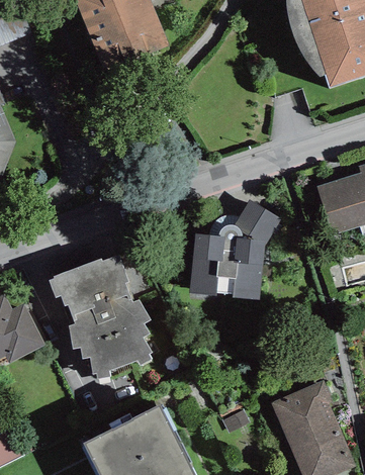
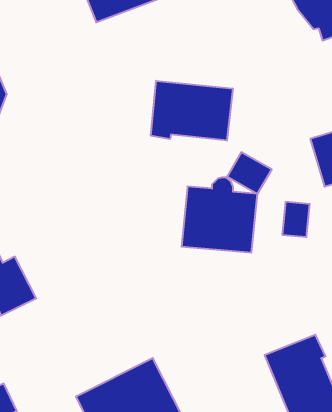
building: none -> [151,81,233,141]
building: none -> [283,202,310,237]
building: [49,253,151,377] -> none

